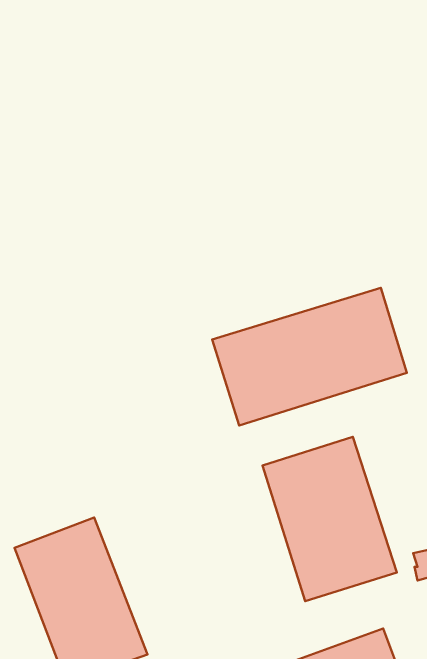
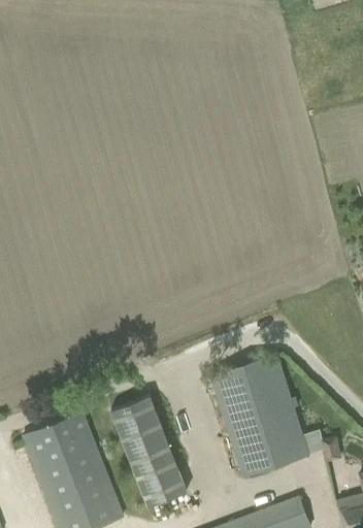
building: [212,288,407,425] -> none
building: none -> [110,396,187,507]

